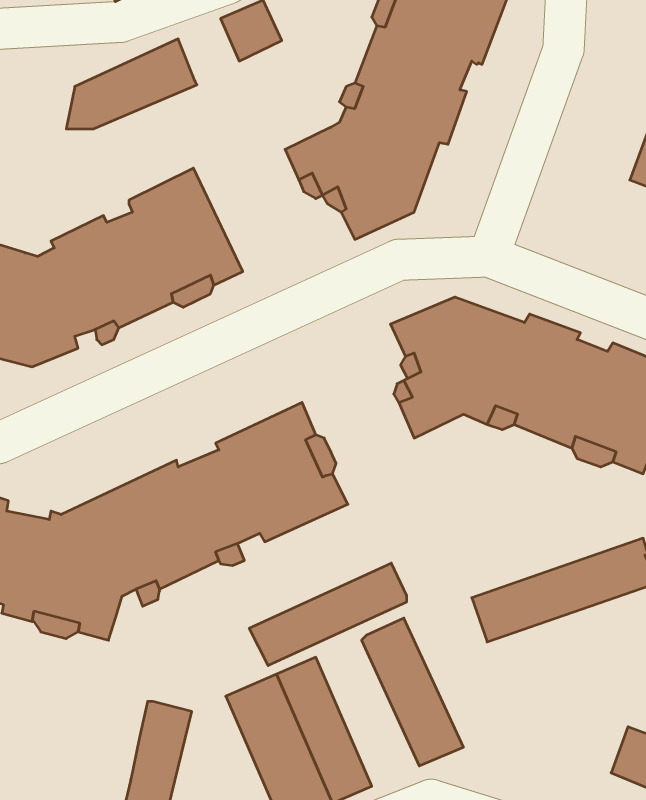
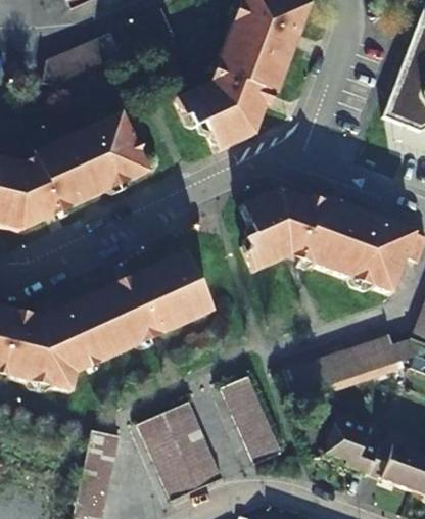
building: [249,563,406,666] -> none
building: none -> [329,417,385,473]

